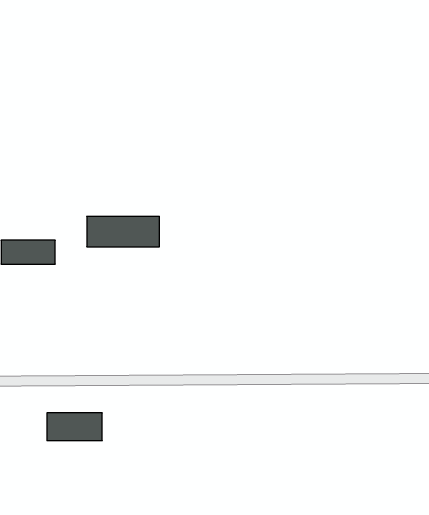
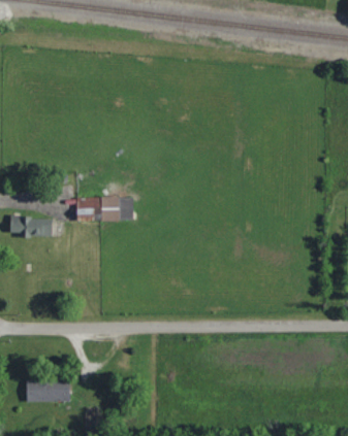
building: [47,413,102,441] -> [26,379,69,401]

